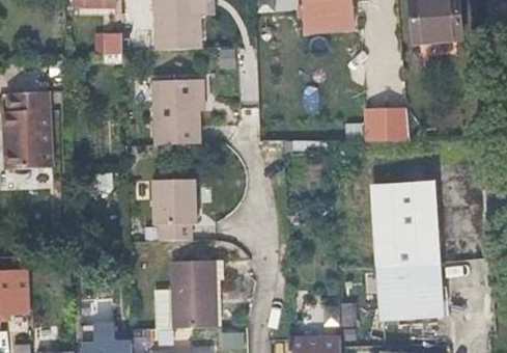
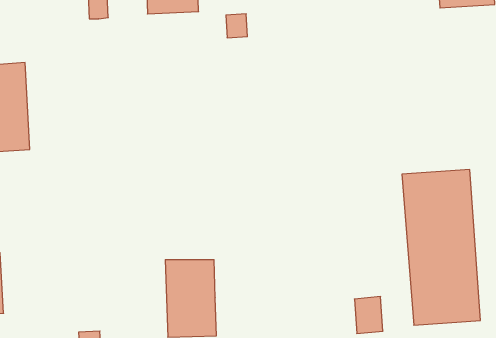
building: [152,77,198,143] -> none
building: [369,106,414,141] -> none
building: [152,182,194,242] -> none

